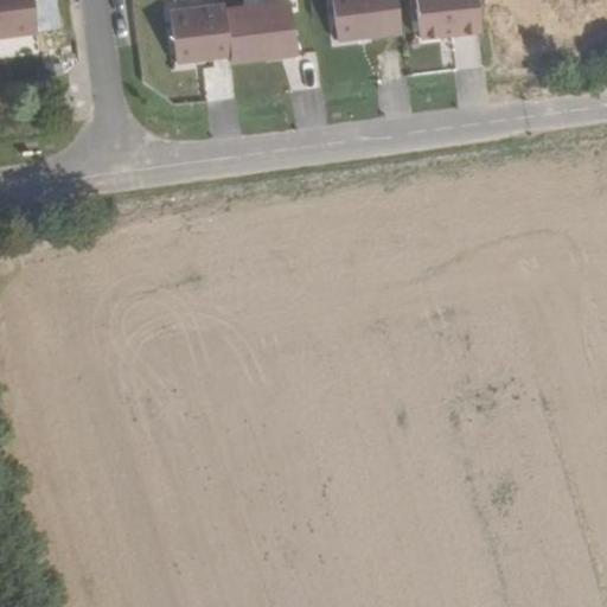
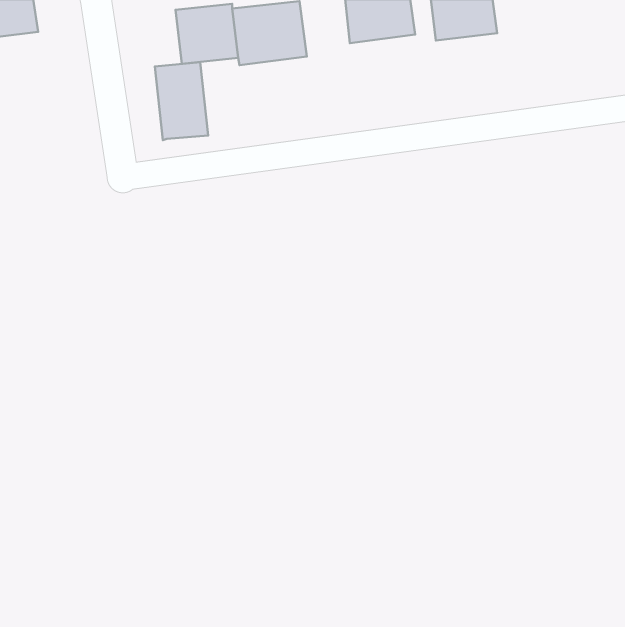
building: none -> [155,62,208,140]

